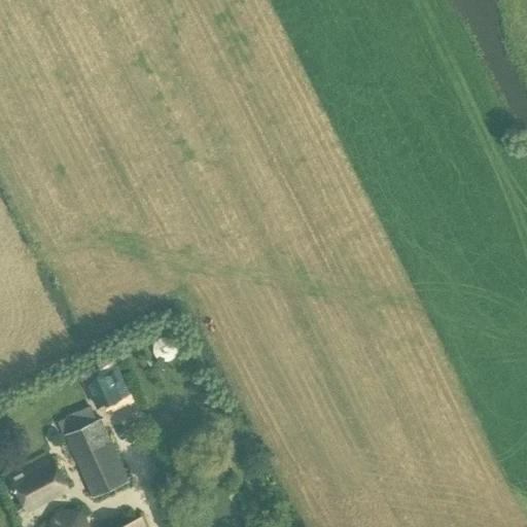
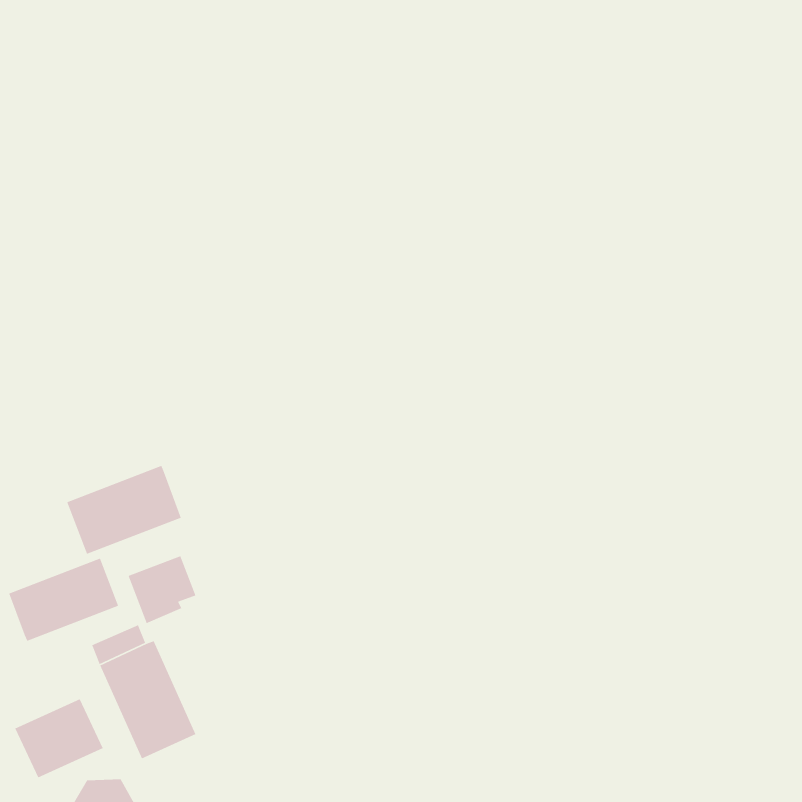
building: none -> [66,465,182,555]
building: none -> [8,557,119,642]

